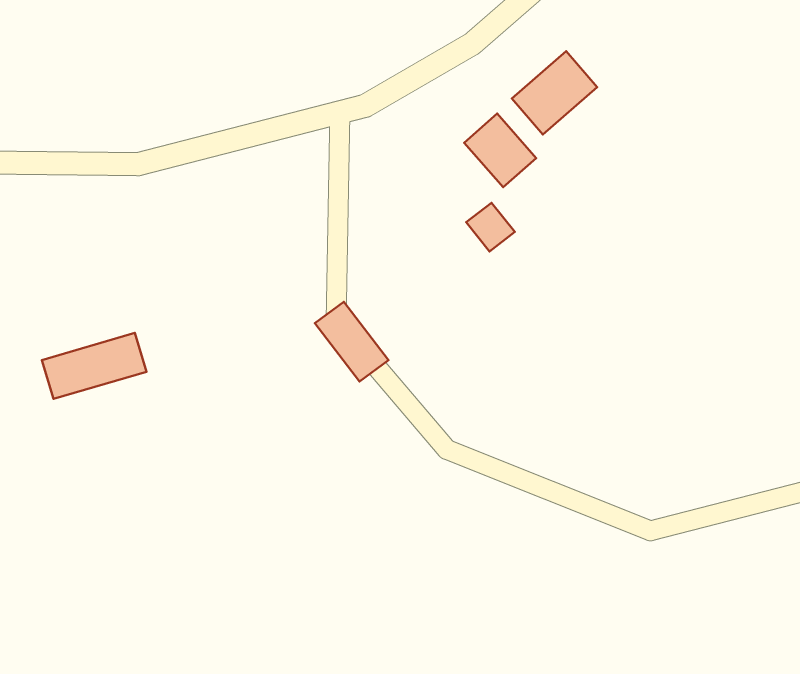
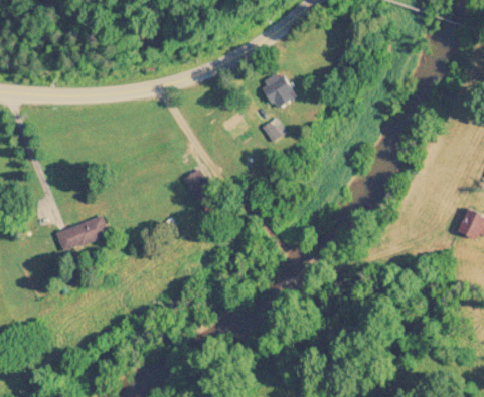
building: [512,51,597,135] -> none
building: [42,333,147,399] -> [54,217,109,251]

